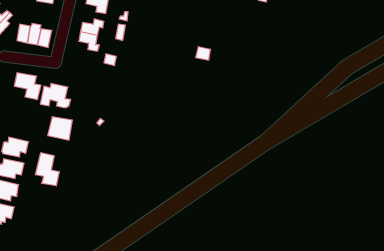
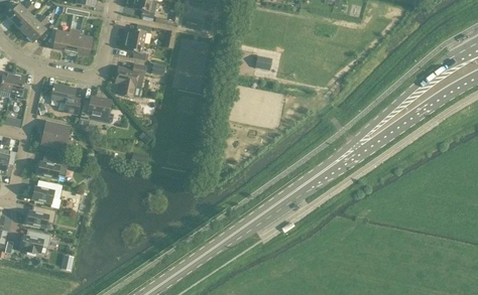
building: none -> [114,63,145,97]
building: [48,117,73,140] -> [40,122,69,148]
building: [36,153,59,186] -> none

